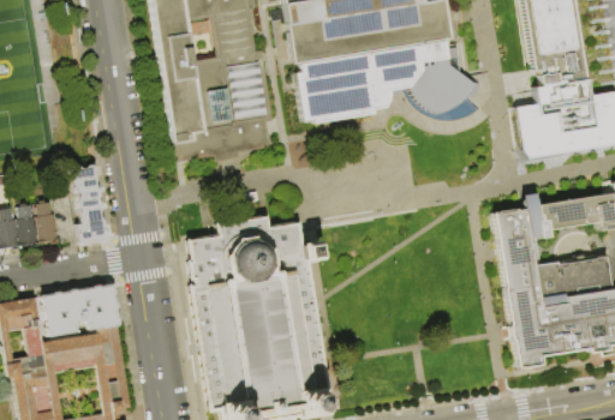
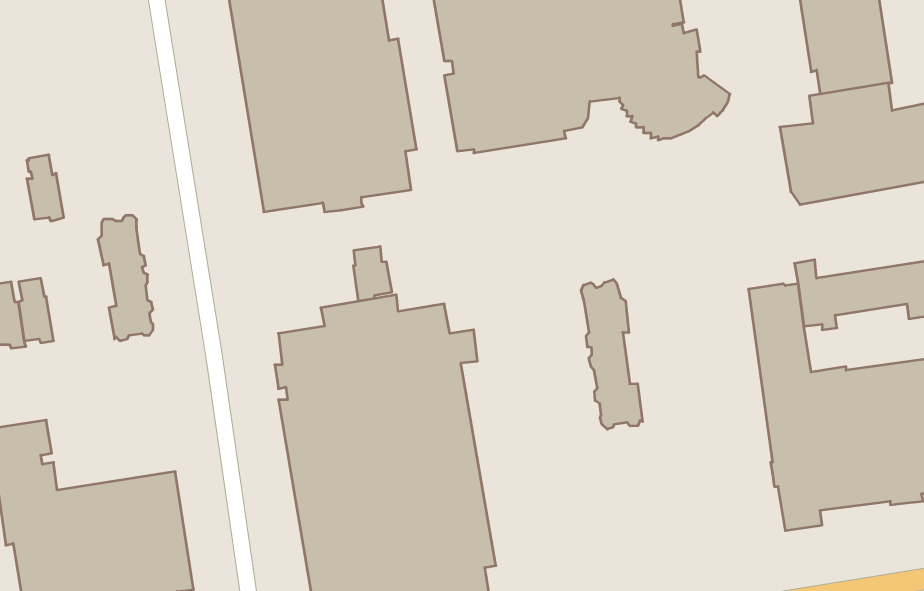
building: none -> [353,246,392,301]
building: [35,200,59,244] -> [27,155,64,221]
building: none -> [581,279,643,429]
building: [41,283,120,336] -> none

